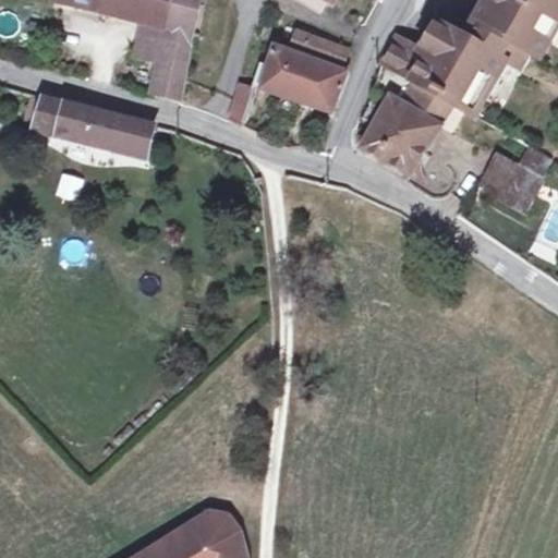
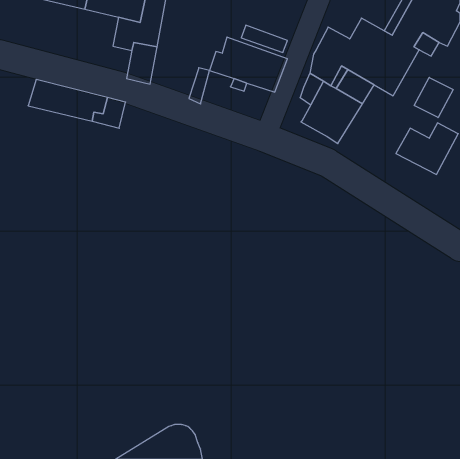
building: none -> [414,77,453,118]

